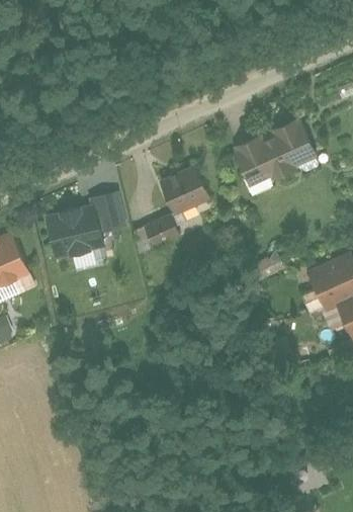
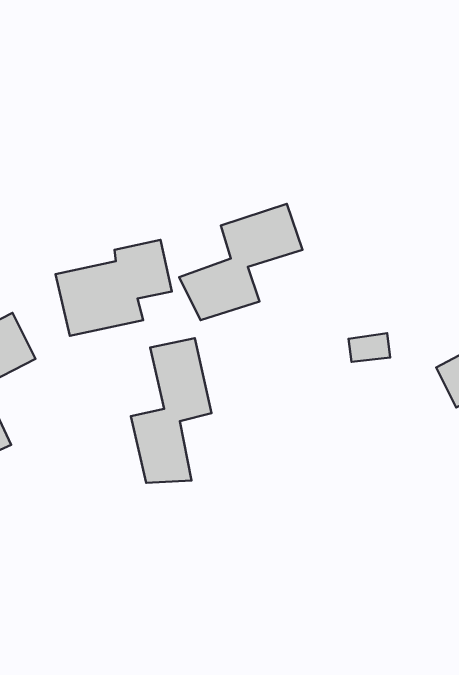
building: [231,117,316,186] -> none
building: none -> [131,338,212,483]

